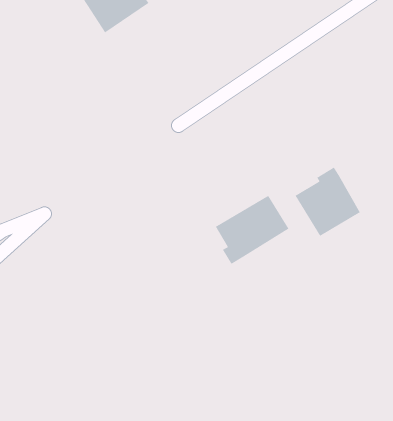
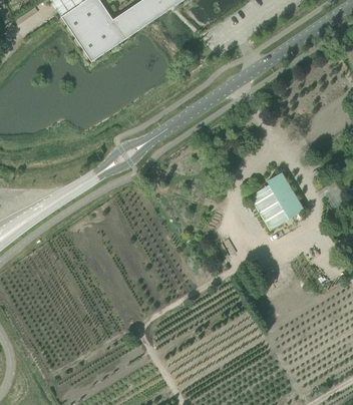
building: [215,195,290,265] -> none

